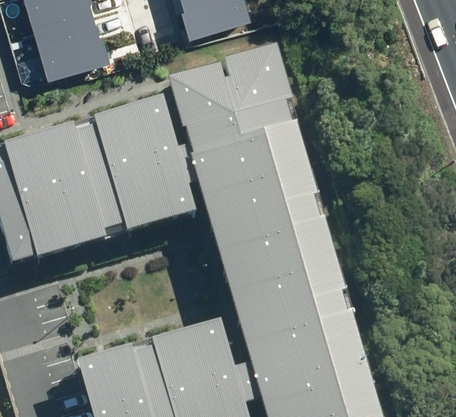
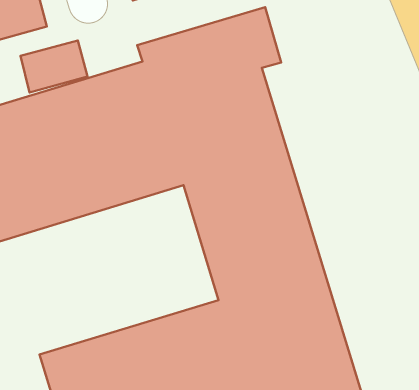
building: none -> [20,41,88,92]

